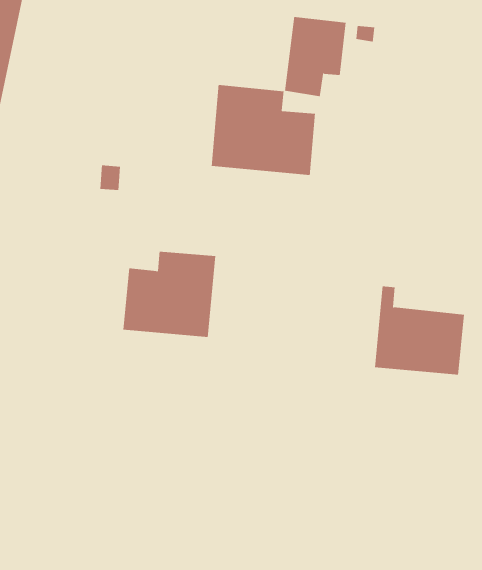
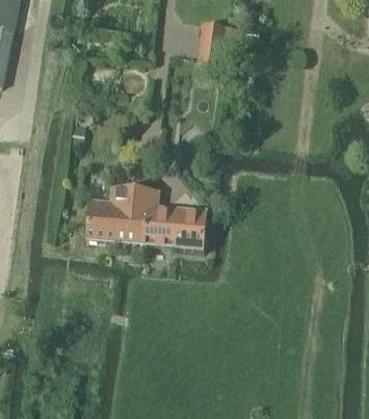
building: [211,84,315,176] -> none
building: [374,286,465,375] -> [146,187,208,248]

